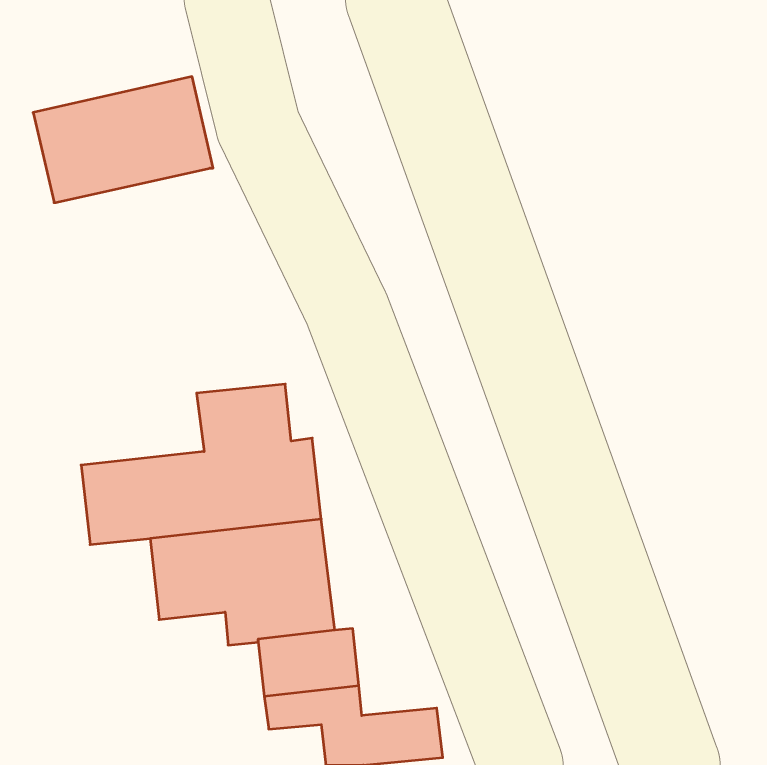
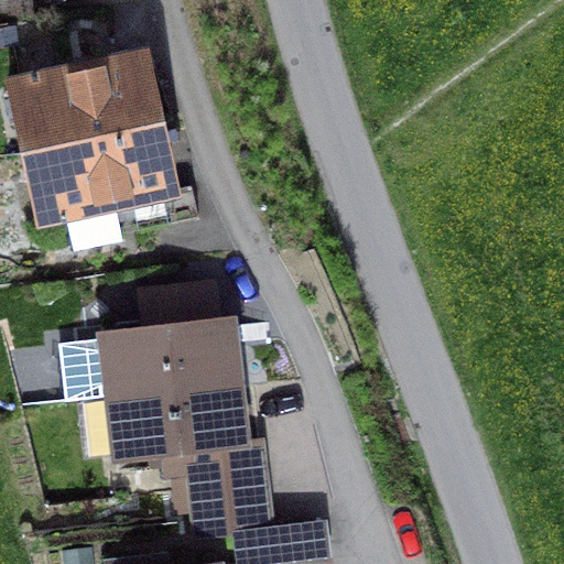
building: none -> [40,123,197,243]

